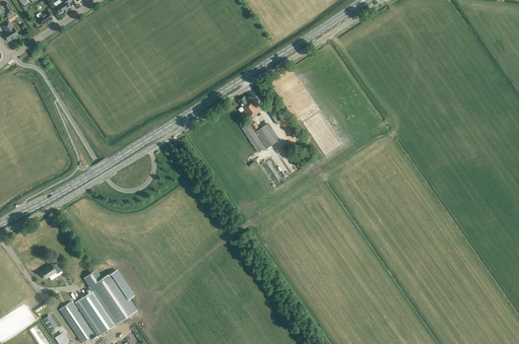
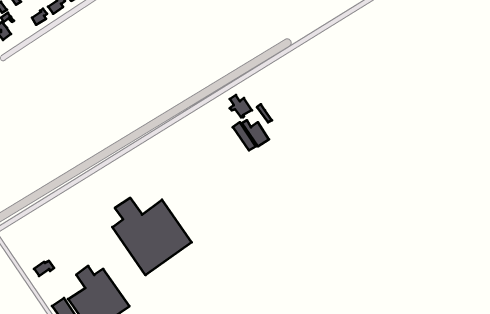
building: none -> [112,198,192,275]

